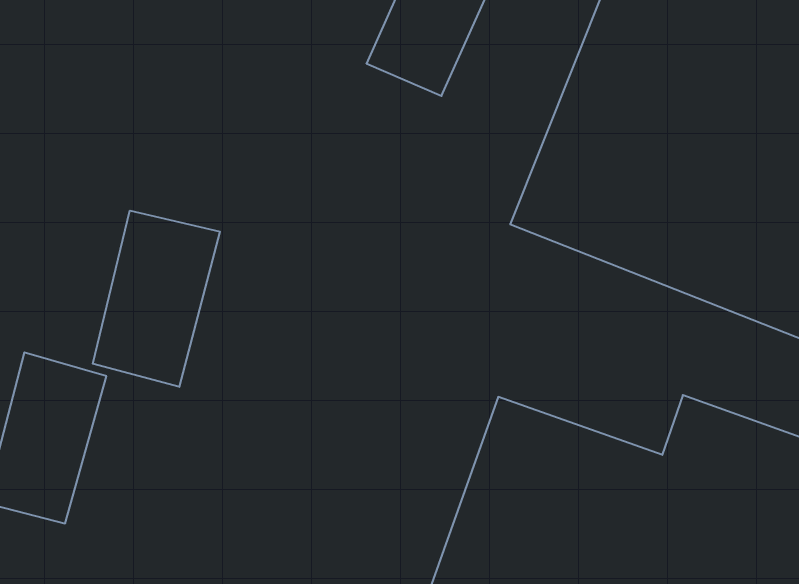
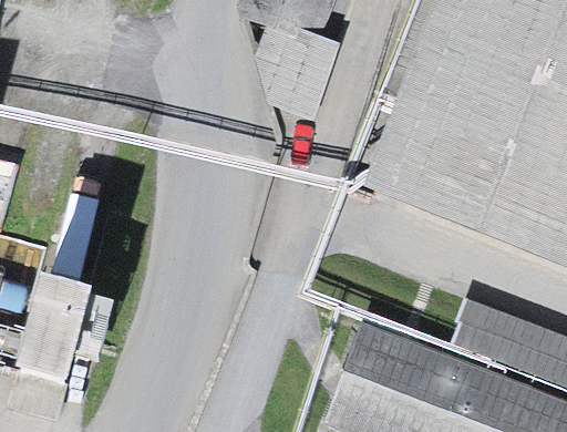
building: [93,211,220,387] -> none

